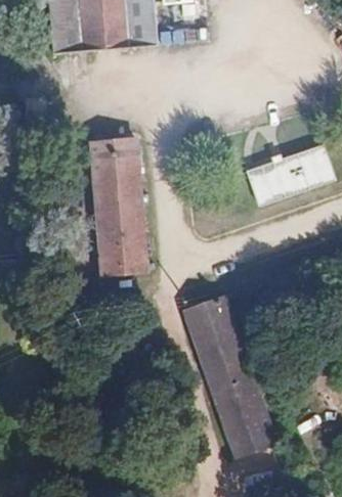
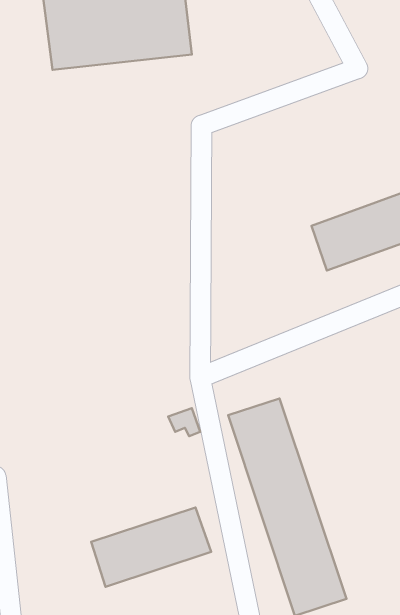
building: [90,140,143,275] -> none
building: none -> [91,508,211,587]

